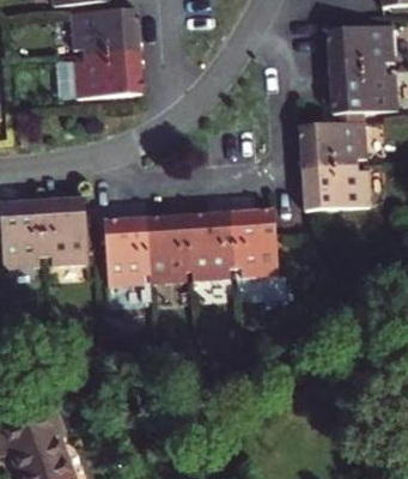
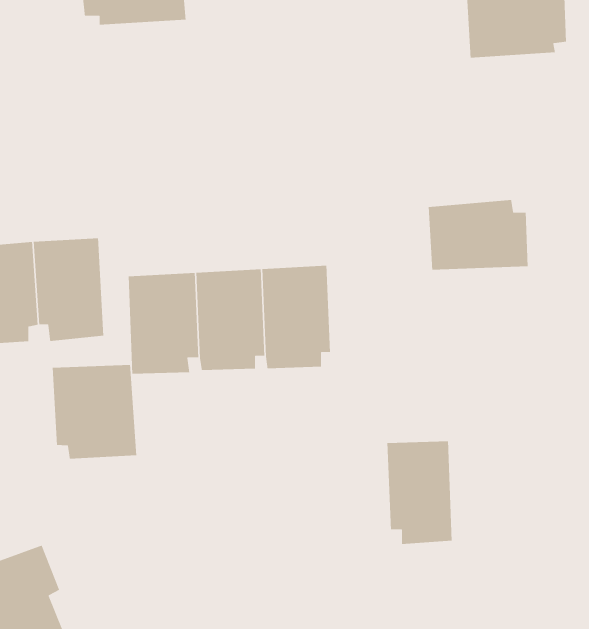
building: [77,53,147,102] -> none
building: [329,74,396,123] -> none
building: [299,128,366,175] -> none
building: [236,212,279,280] -> [387,441,452,545]
building: none -> [52,364,137,460]

